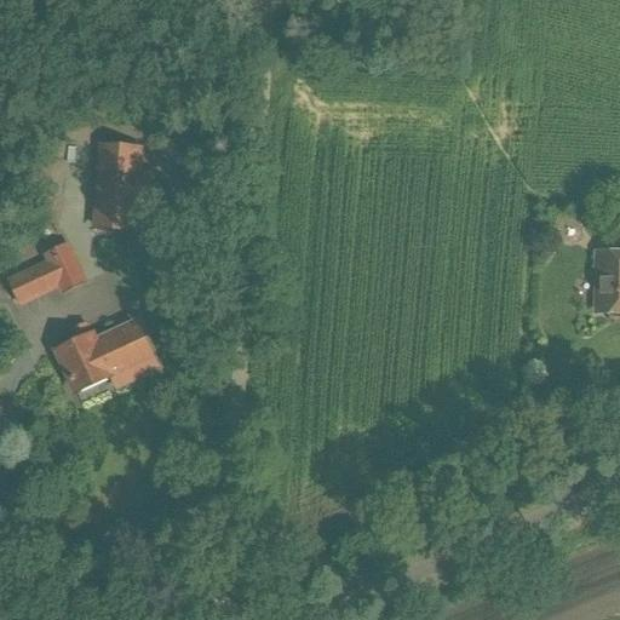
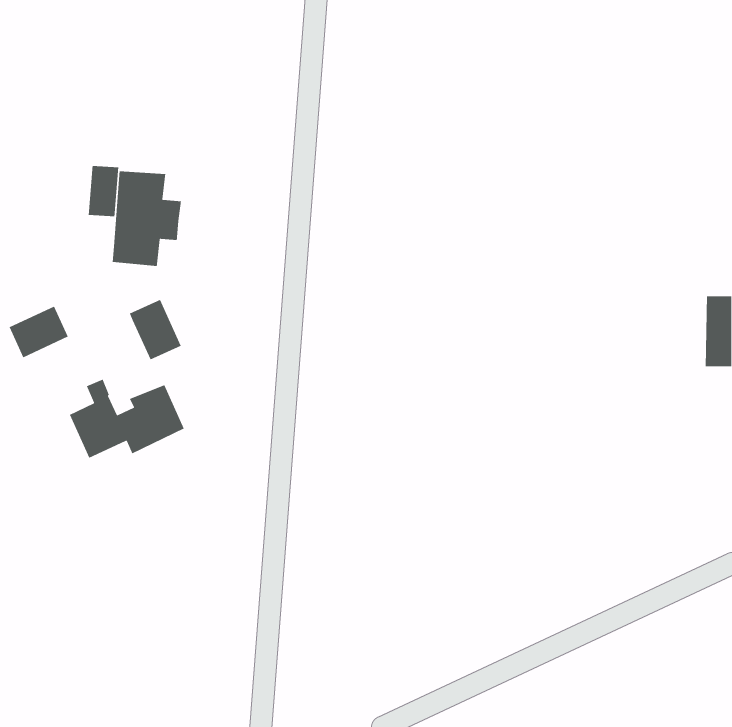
building: none -> [88,165,119,217]
building: [44,240,88,292] -> [129,299,182,361]

